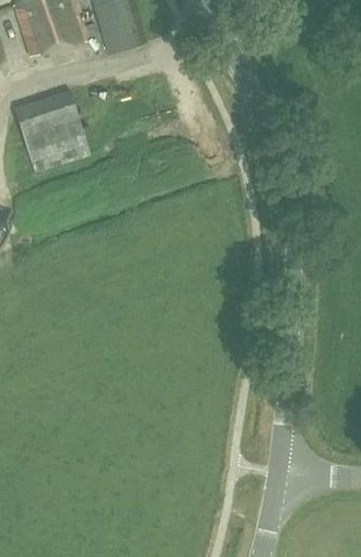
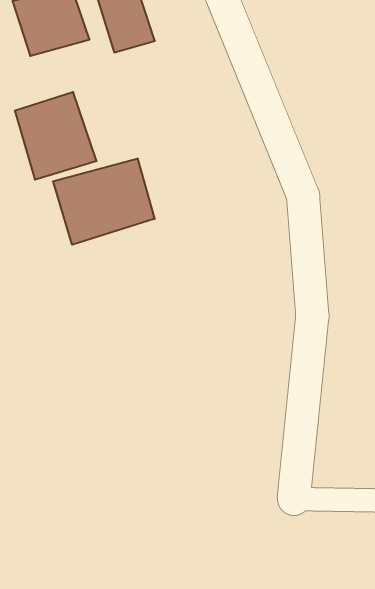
building: none -> [53,158,155,245]

